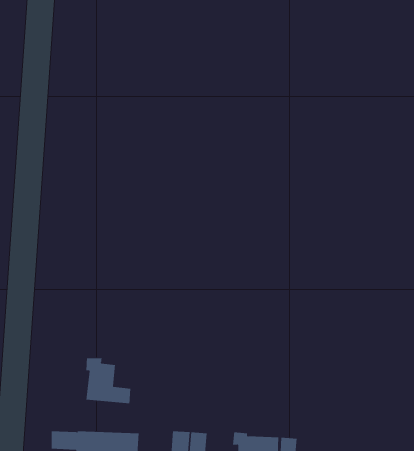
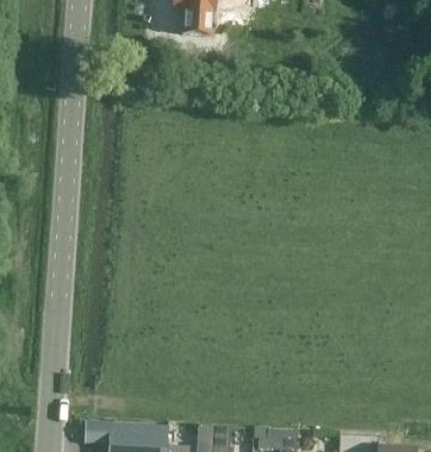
building: [86,357,131,404] -> none

